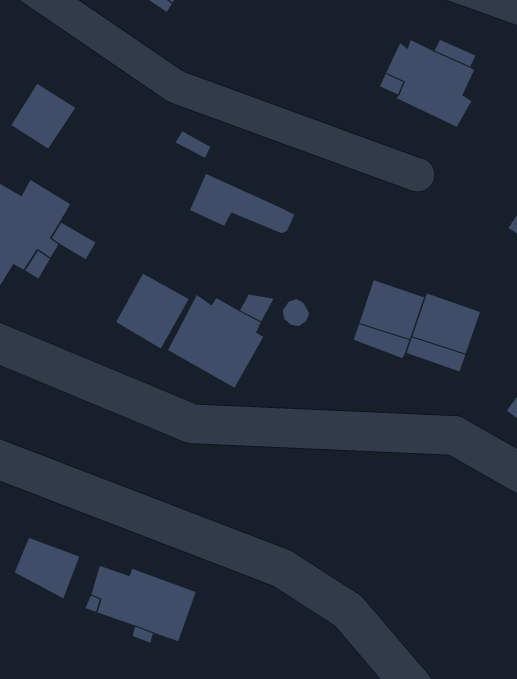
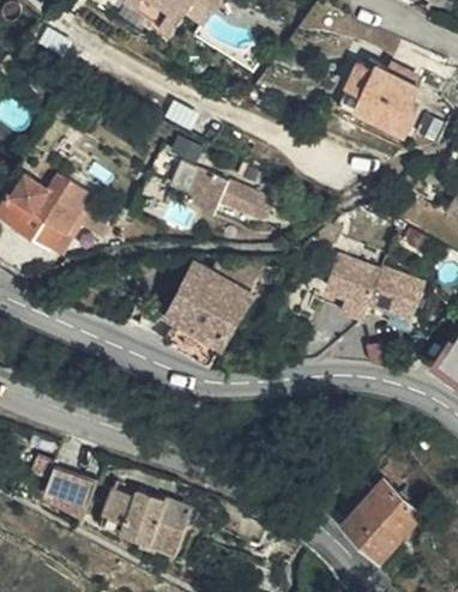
building: [11,83,76,149] -> none
building: [115,273,190,350] -> none
building: none -> [345,487,415,557]

